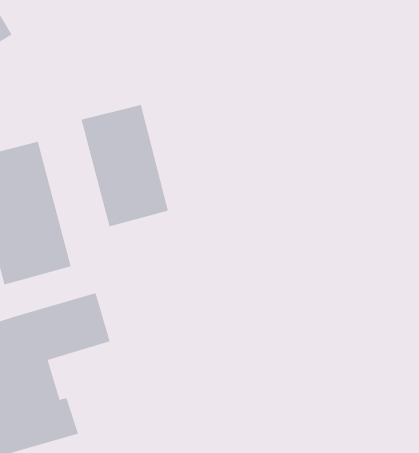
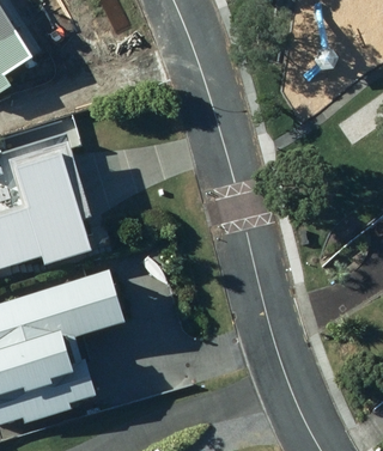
building: [81,104,169,227] -> none

